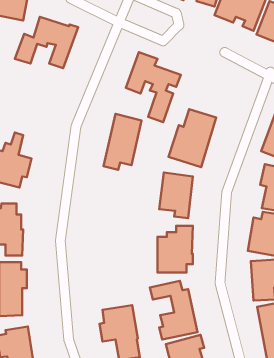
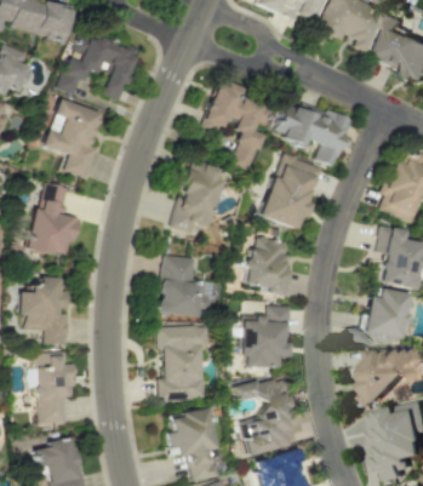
building: none -> [44,98,101,177]
building: none -> [274,102,351,166]
building: none -> [156,255,212,318]
building: none -> [156,326,204,399]

